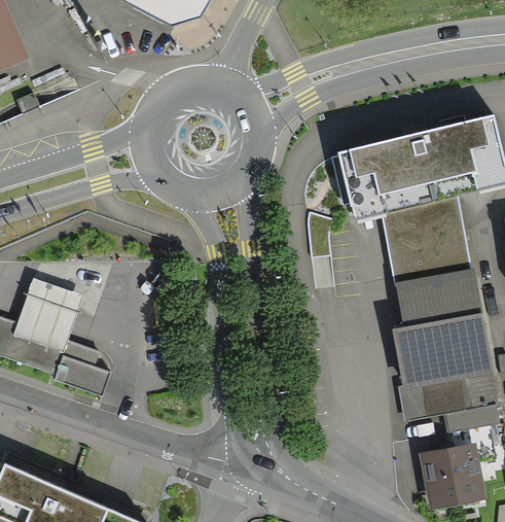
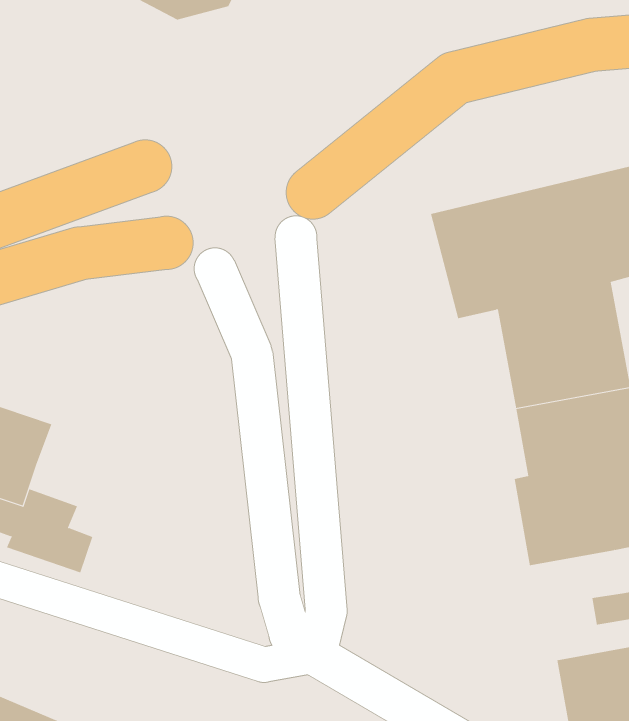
building: [398,381,467,420] -> none

